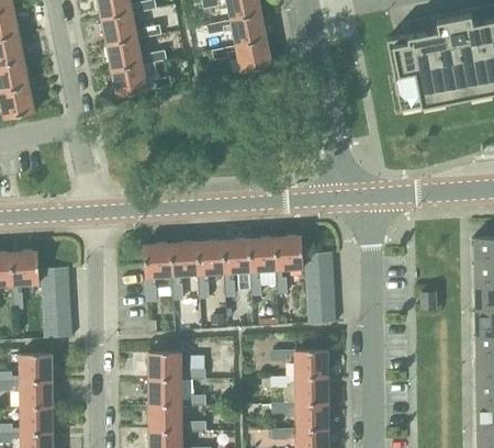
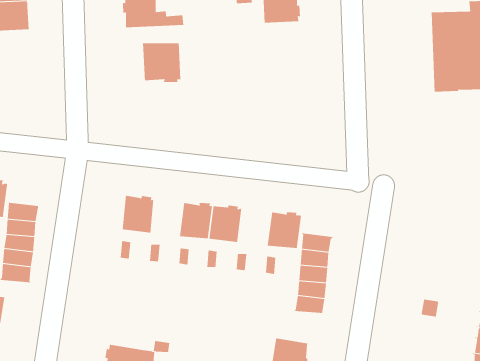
building: none -> [143,43,181,83]
building: [248,236,276,270] -> none
building: [169,240,197,275] -> none
building: [148,351,181,379] -> none

